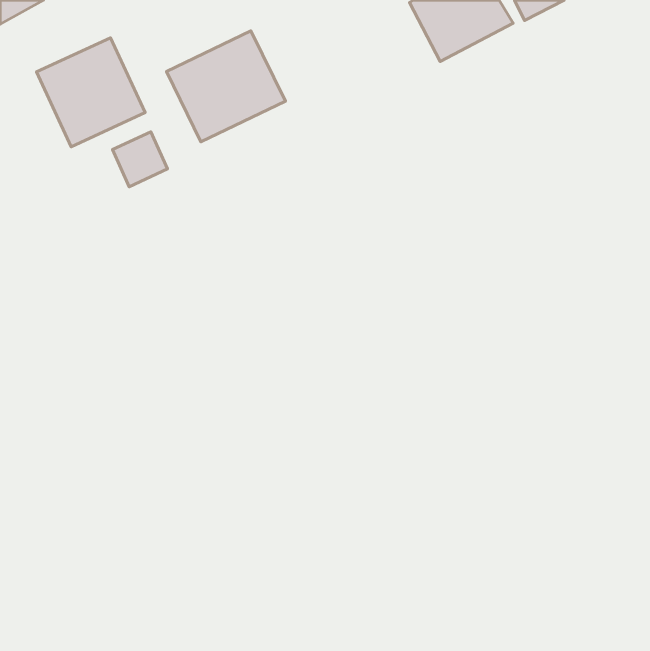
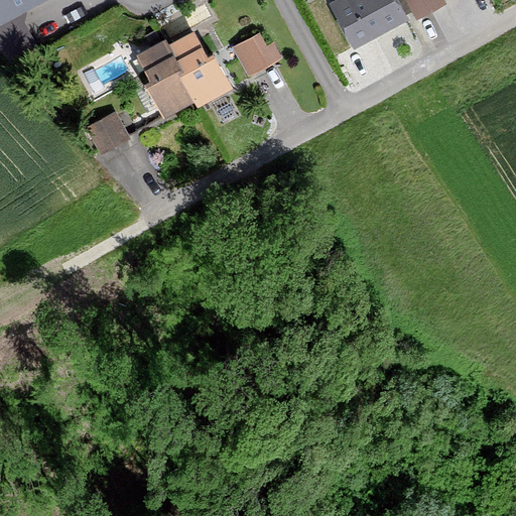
building: none -> [233,28,277,75]
building: [36,38,145,147] -> none

